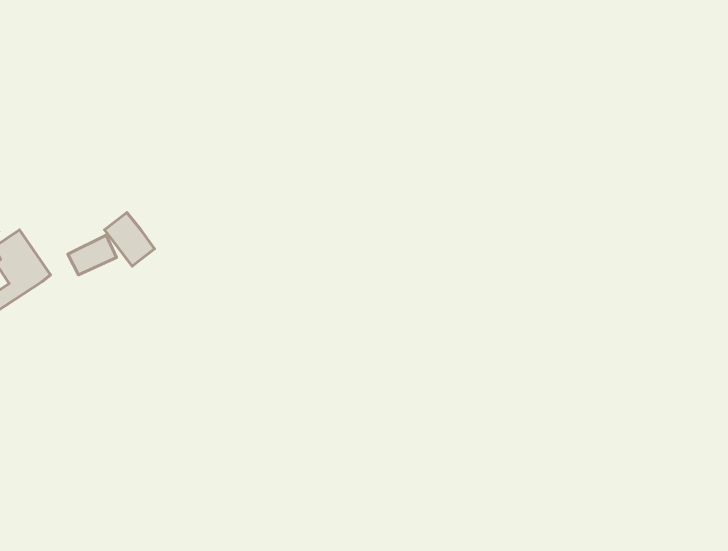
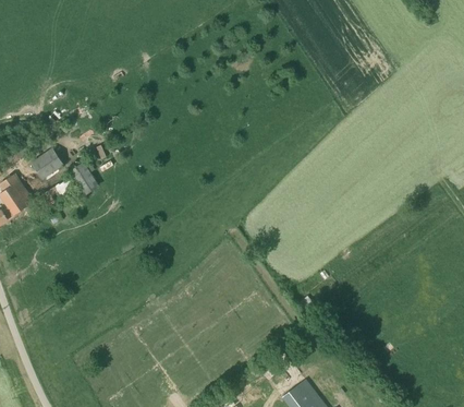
building: none -> [30,147,64,179]

